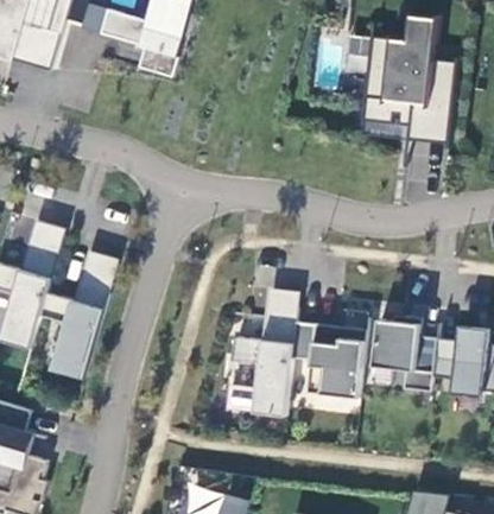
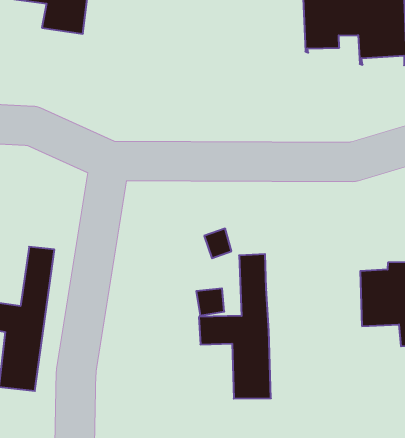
building: [291,321,366,398] -> none

